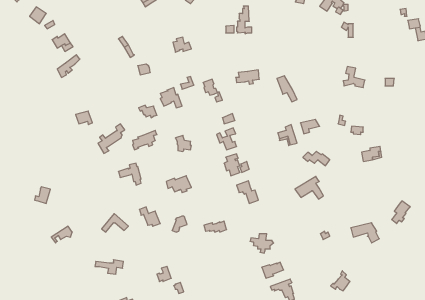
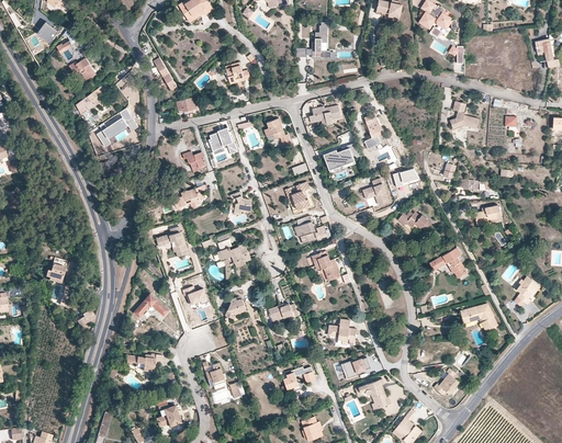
building: none -> [324,141,361,167]
building: [98,124,125,153] -> [97,109,132,147]
building: [295,176,323,199] -> [429,247,467,276]
building: none -> [284,365,315,389]

